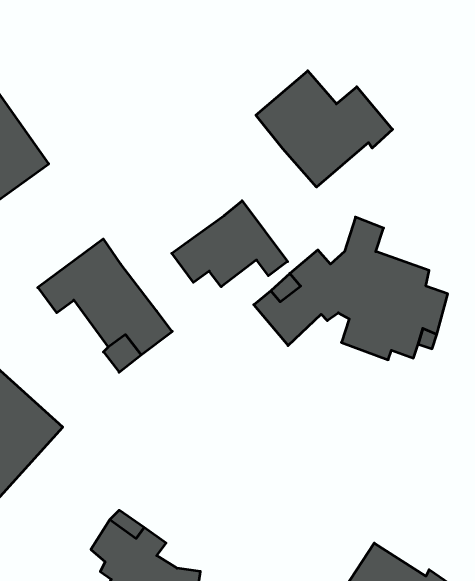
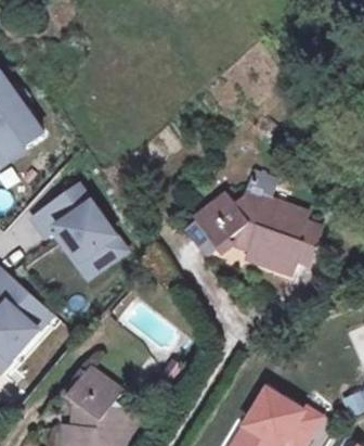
building: [256,71,393,187] -> none
building: [172,201,288,287] -> none

